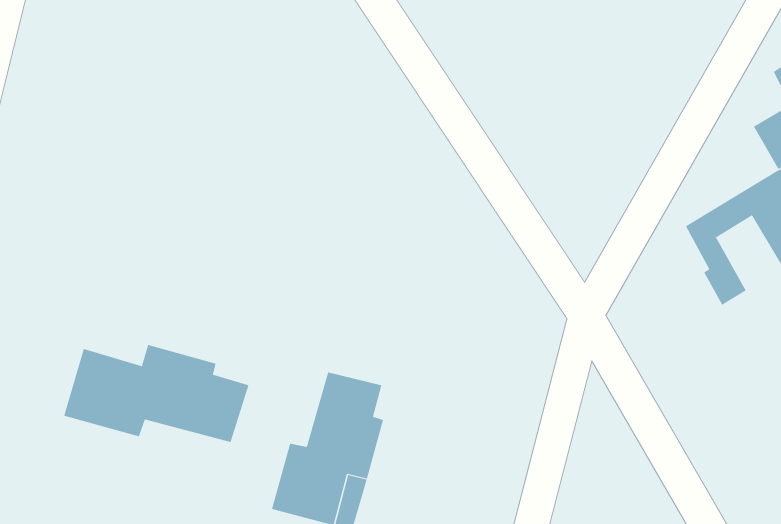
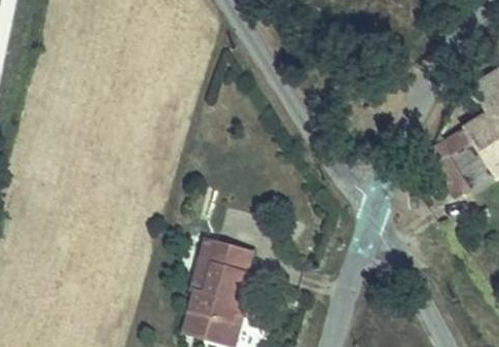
building: [64,344,249,443] -> none

